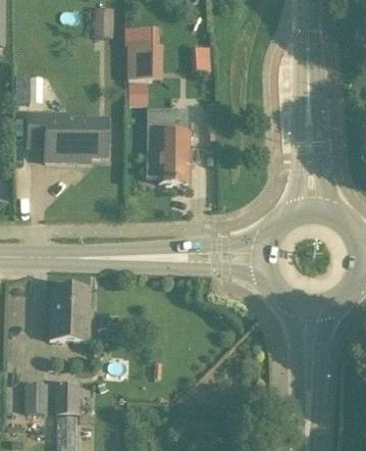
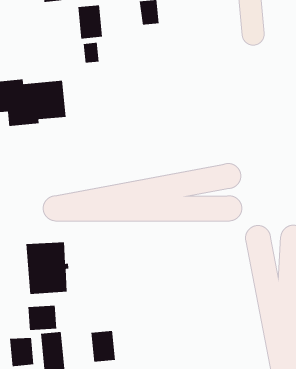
building: [147,106,188,182] -> none
building: none -> [28,305,57,331]
building: none -> [91,330,116,362]

